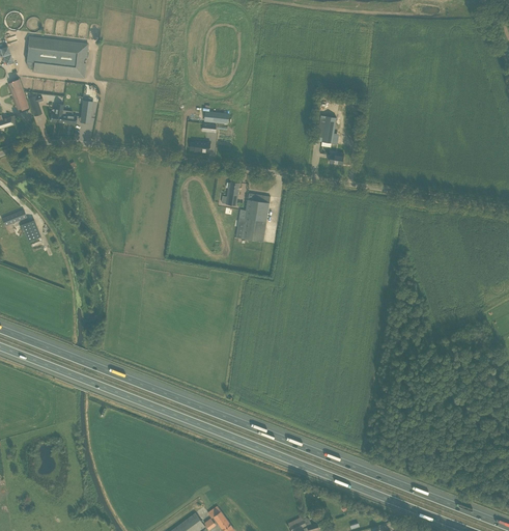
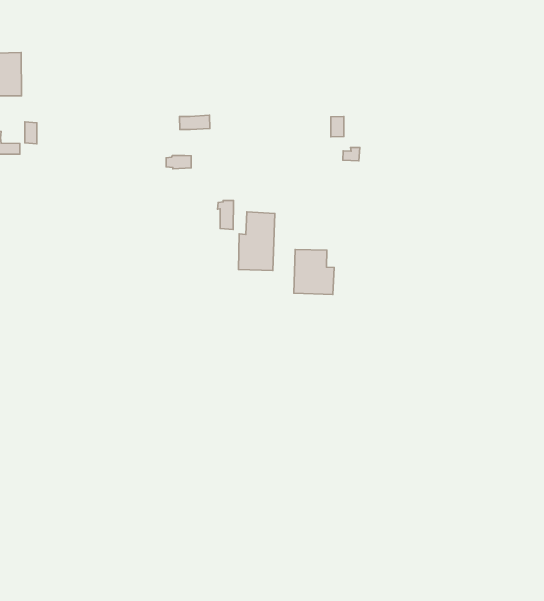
building: none -> [294,250,334,295]

